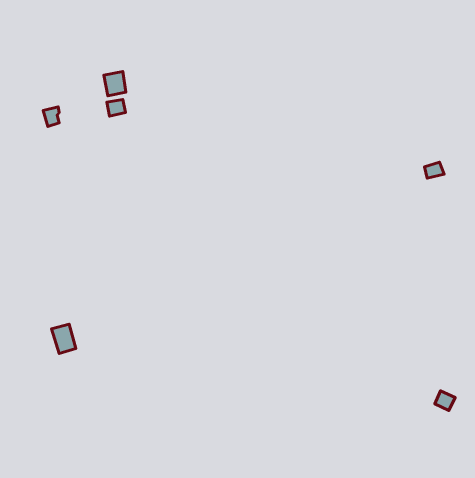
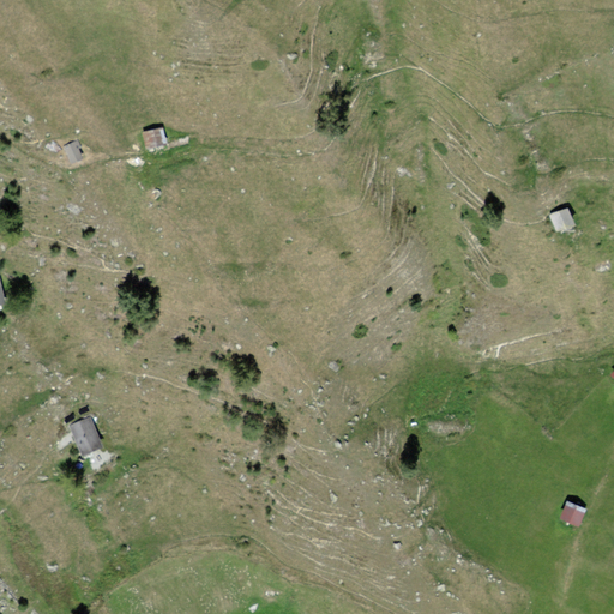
building: [104,71,126,96] -> none

